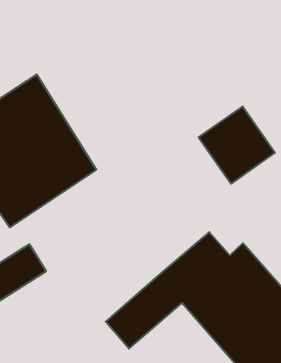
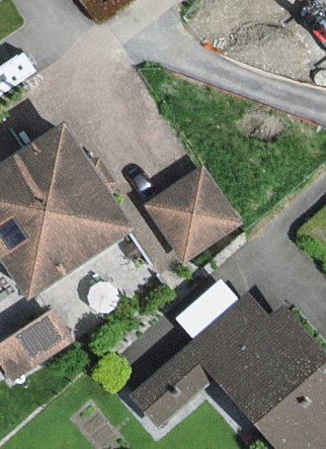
building: [199,106,275,184] -> [147,171,230,255]

